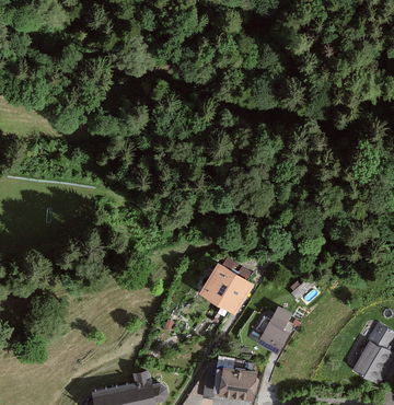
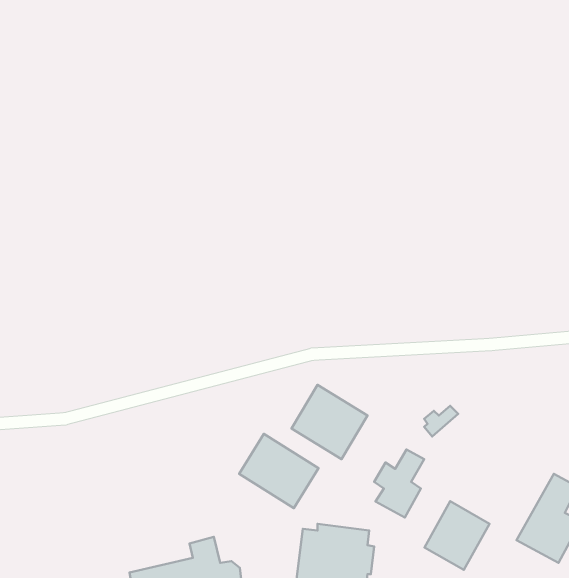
building: none -> [239,434,319,508]
building: none -> [425,501,490,570]

